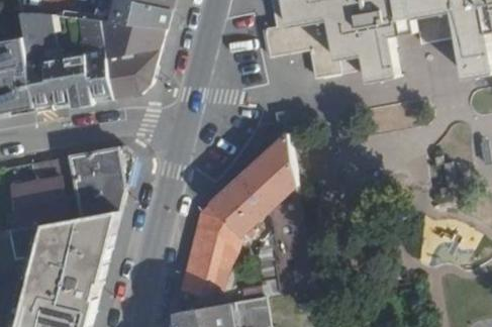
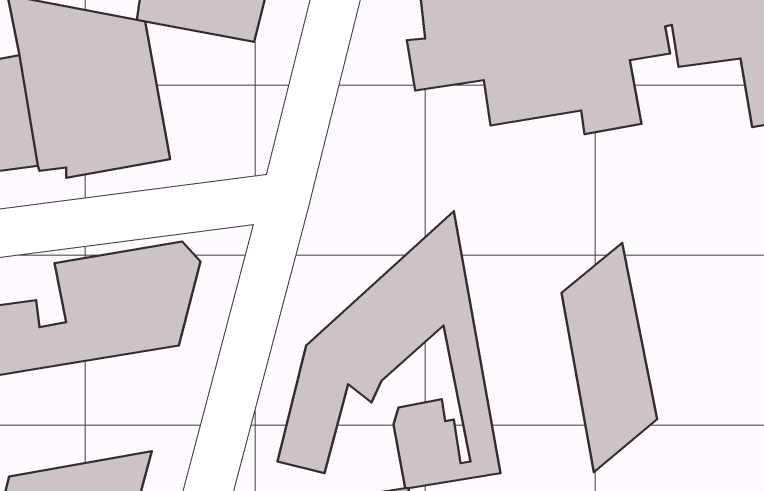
building: [101,16,167,99] -> none
building: none -> [561,243,657,472]
building: [19,211,121,290] -> none

